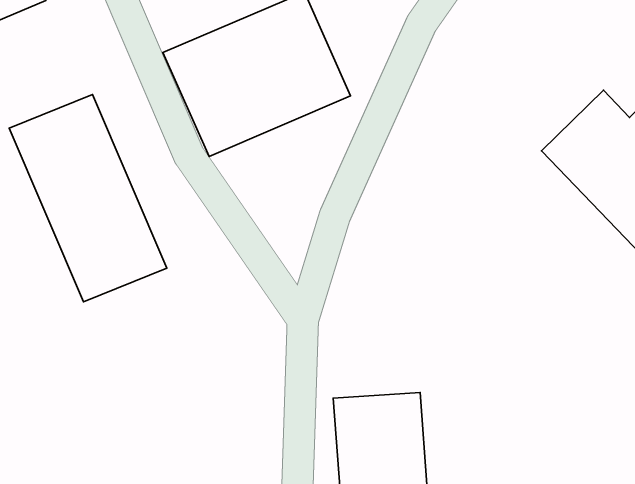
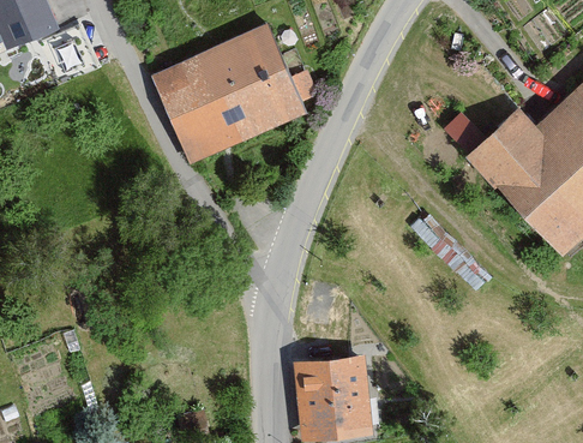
building: [9,94,167,302] -> none

